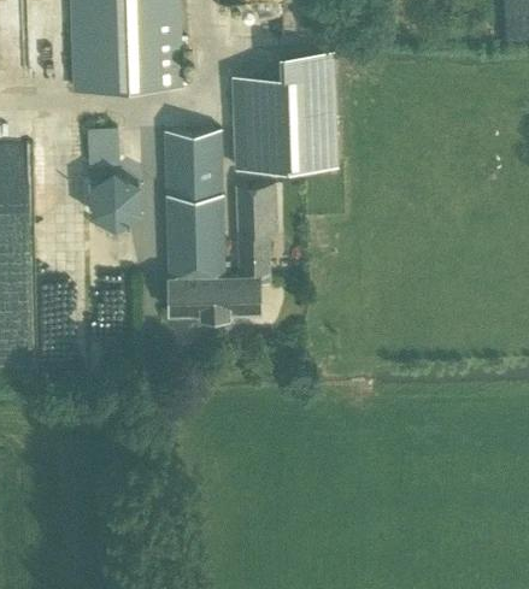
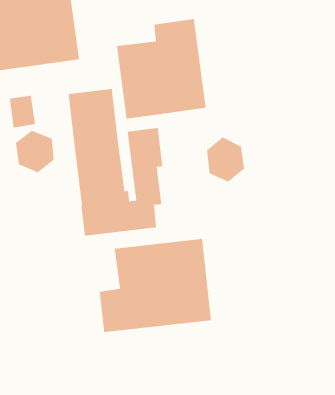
building: none -> [207,137,244,183]
building: none -> [99,238,211,333]

